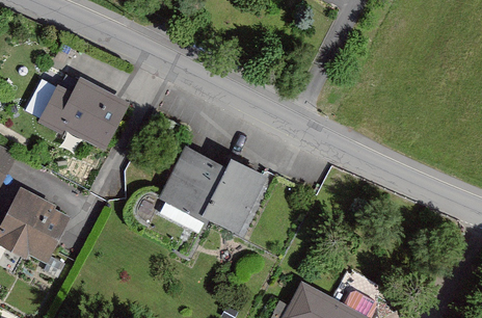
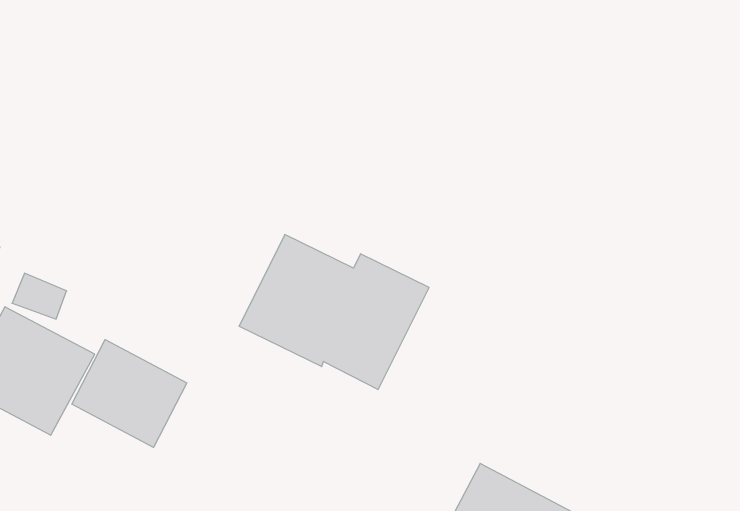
building: [36,78,128,154] -> none
building: none -> [72,340,187,447]

